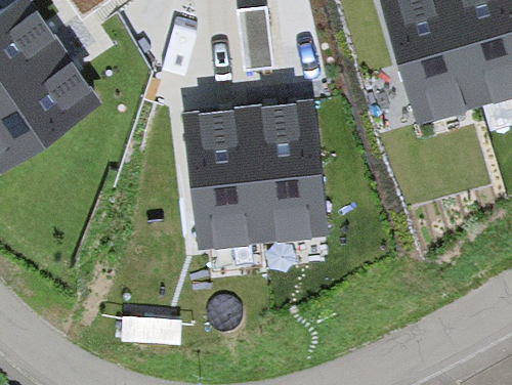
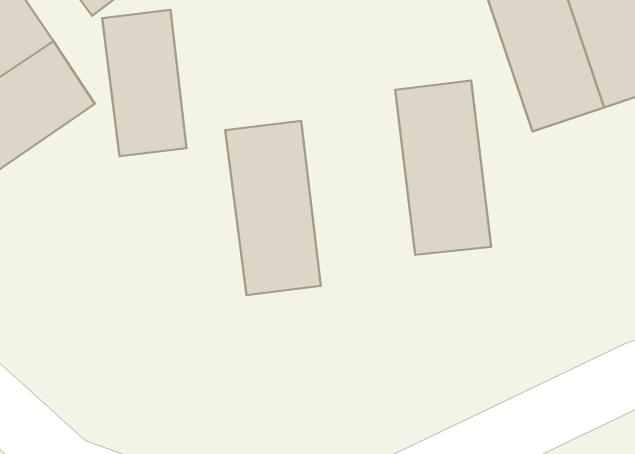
building: none -> [102,10,187,156]
building: [251,102,325,237] -> [395,80,491,255]

